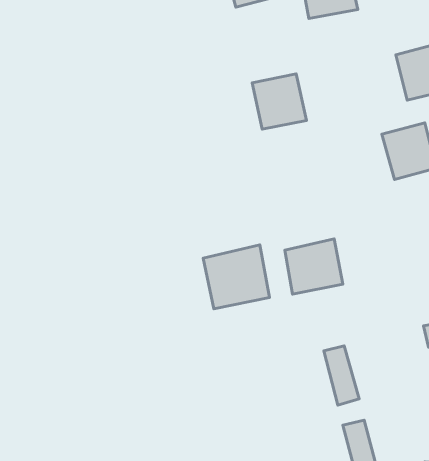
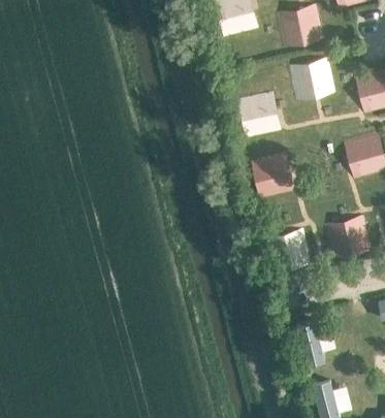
building: none -> [288,58,334,101]
building: none -> [250,153,294,200]
building: none -> [324,216,370,259]
building: [203,245,270,309] -> none

